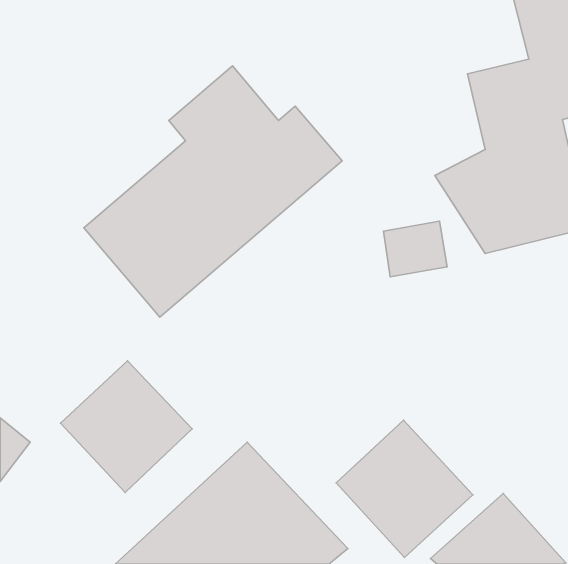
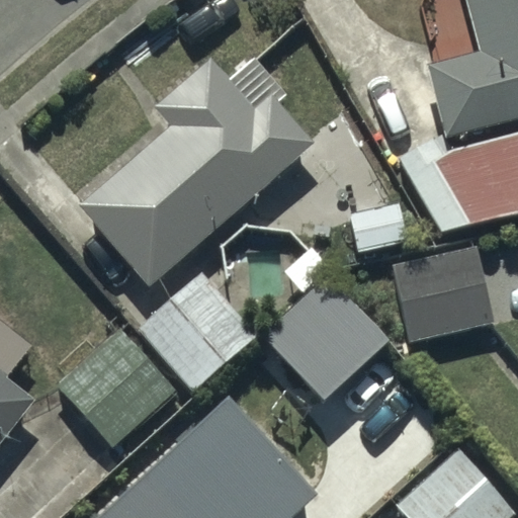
building: none -> [391,245,491,343]
building: none -> [137,270,257,392]
building: [336,420,473,558] -> [271,278,395,403]

